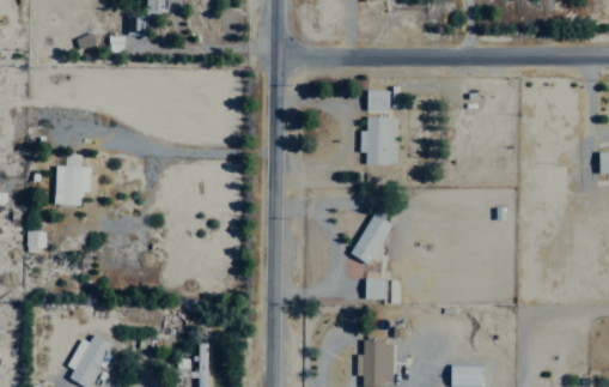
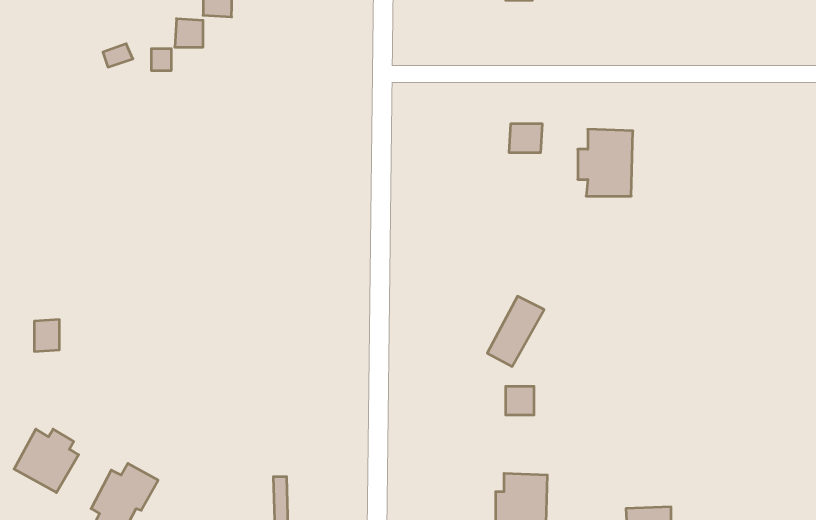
building: [360,116,400,164] -> [578,129,633,196]
building: [56,153,92,205] -> none
building: none -> [14,429,79,493]

